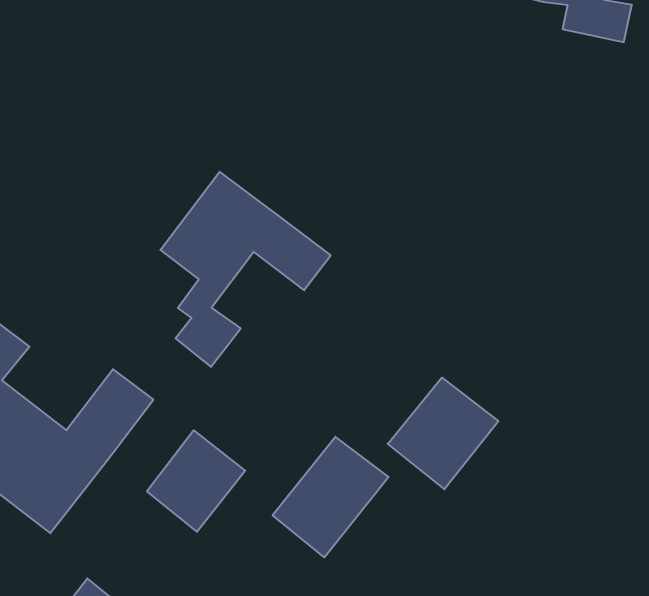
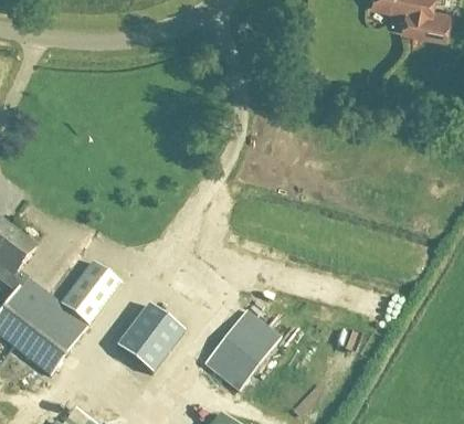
building: [160,172,331,367] -> none
building: [388,378,498,489] -> none

